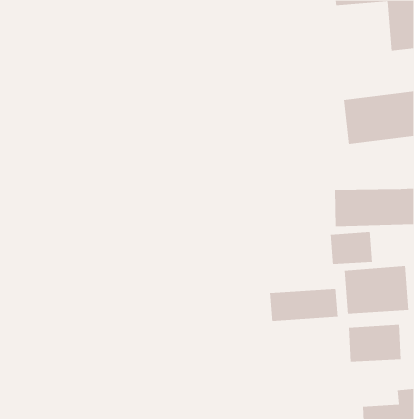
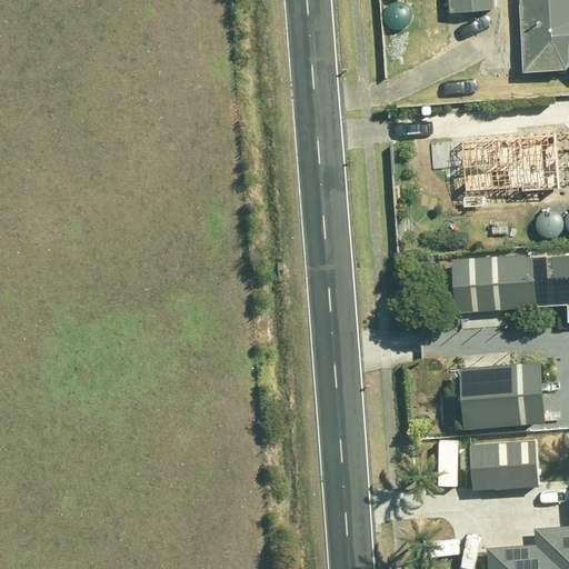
building: [330,231,372,265] -> none
building: [270,288,338,322] -> none

